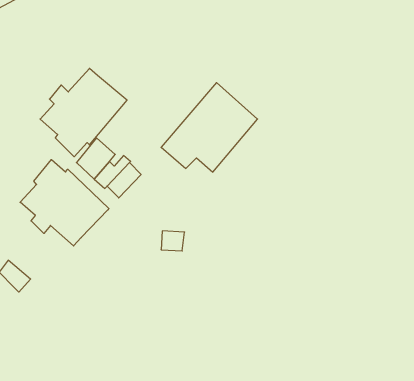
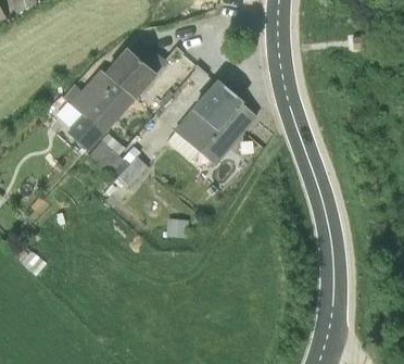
building: none -> [108,46,166,97]
building: [20,160,109,246] -> none

